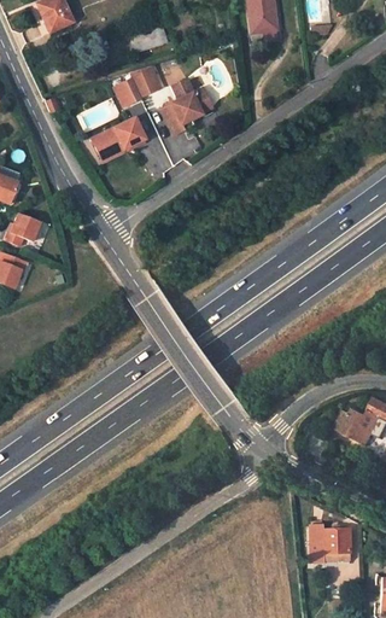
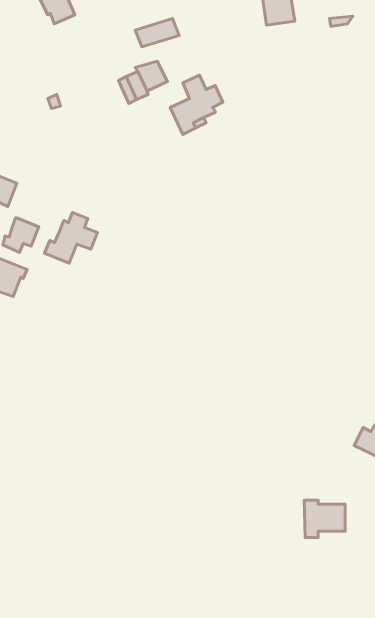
building: [93,117,145,154] -> none
building: none -> [44,213,98,263]
building: [310,526,349,561] -> [304,500,345,538]

